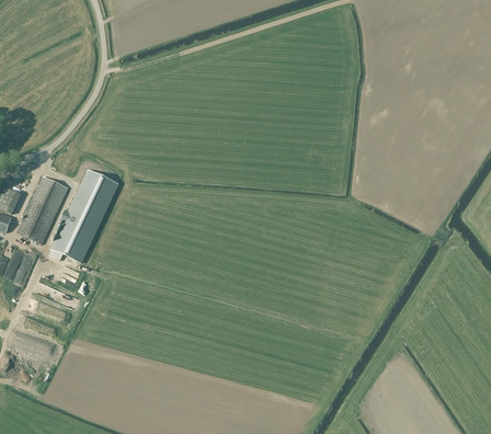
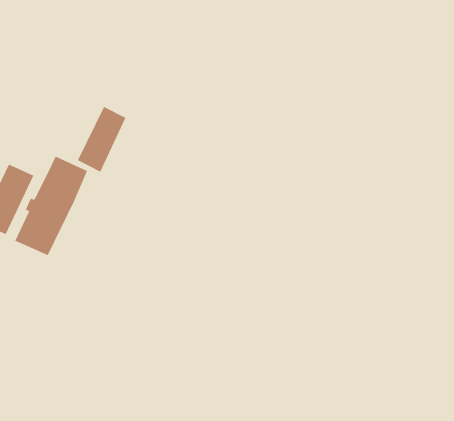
building: none -> [77,106,126,173]

